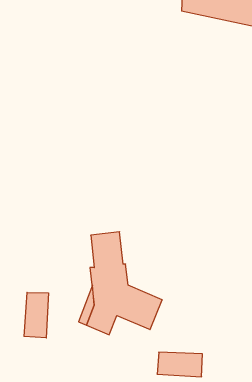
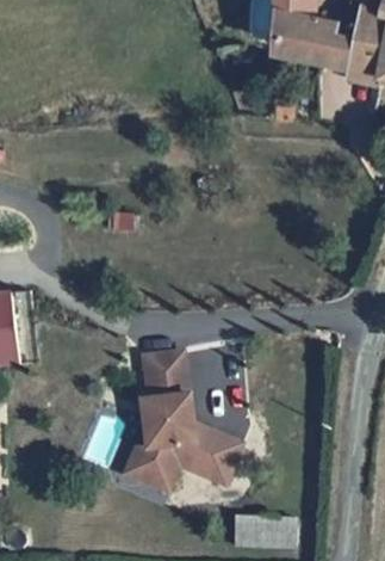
building: [24,292,48,338] -> none

